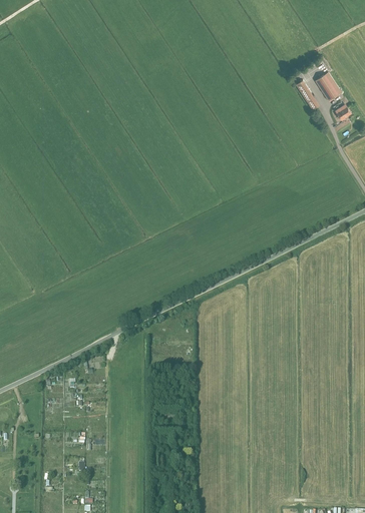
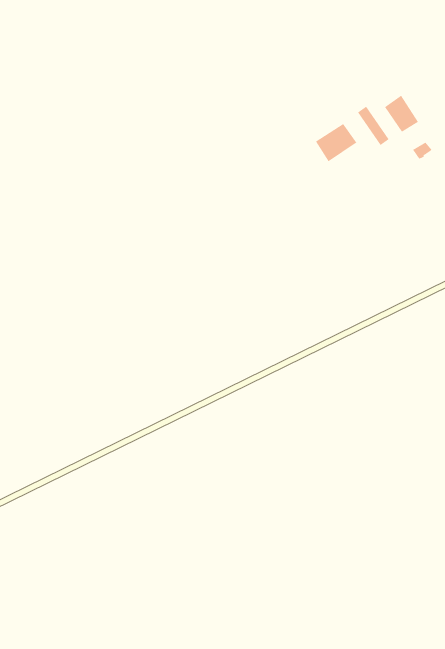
building: none -> [315,123,357,162]

